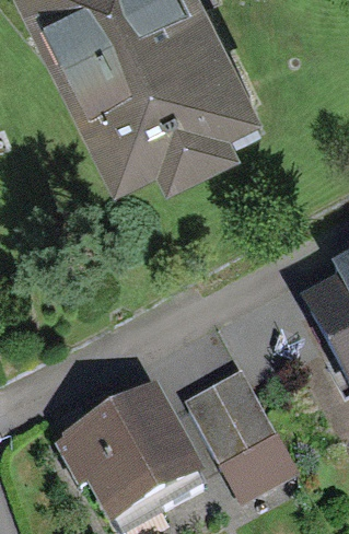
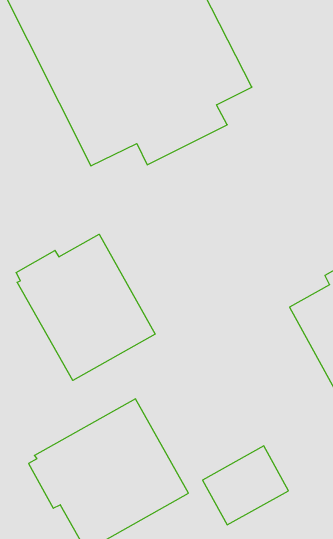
building: none -> [16,234,155,380]
building: [183,368,275,461] -> none

